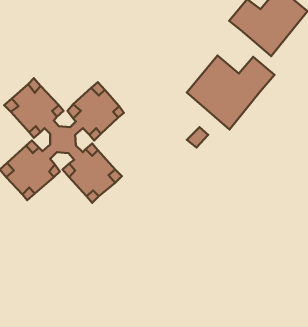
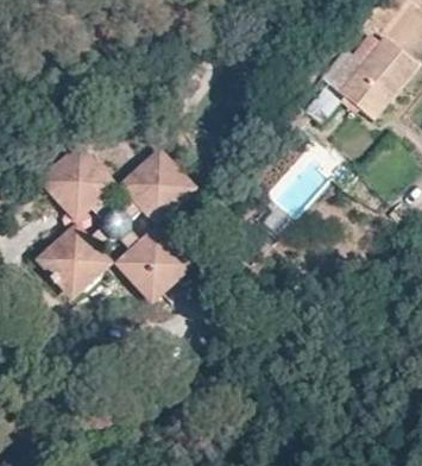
building: [187,55,275,130] -> none

